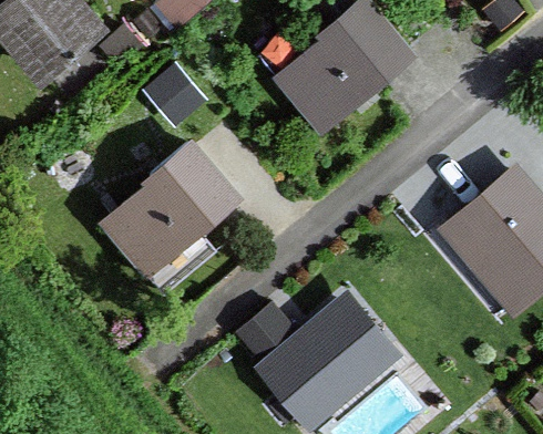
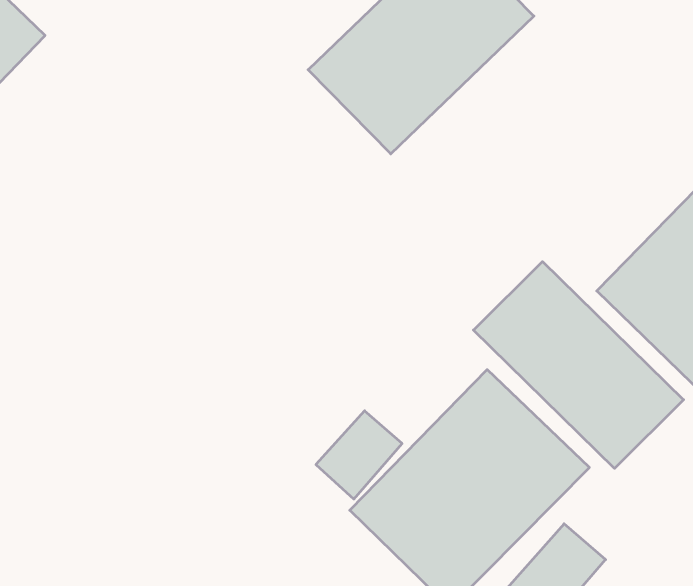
building: [92,136,244,282] -> none
building: none -> [473,262,684,468]

